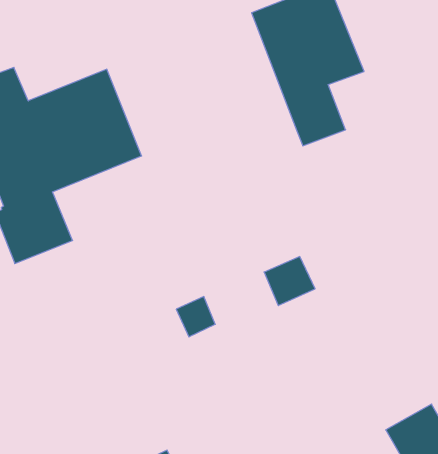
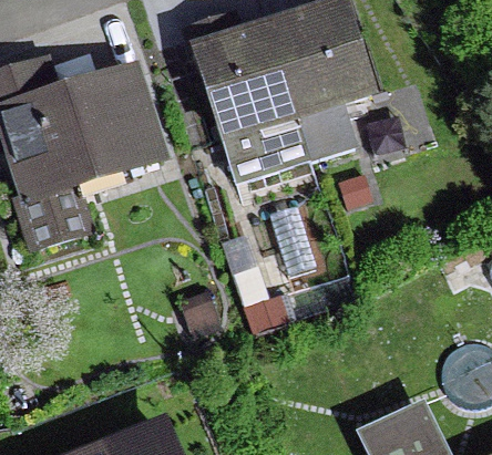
building: none -> [197,30,306,158]

